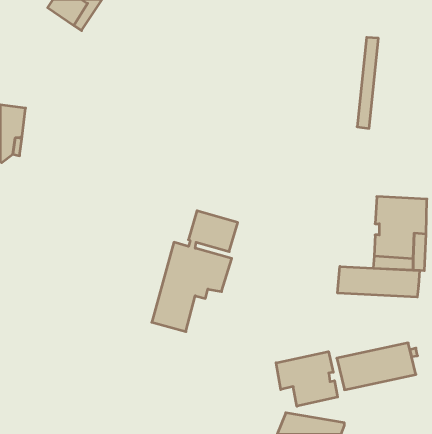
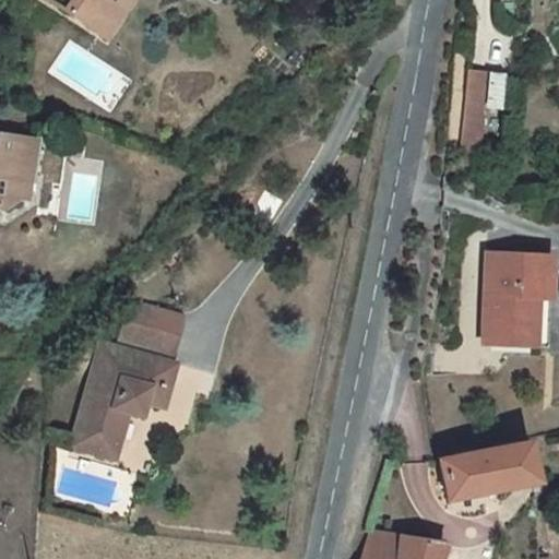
building: [152,211,238,332] -> [74,302,185,457]
building: [338,266,420,297] -> none
building: [276,352,338,406] -> none

